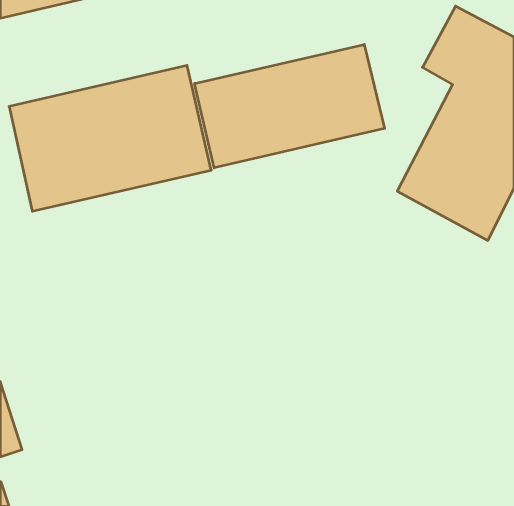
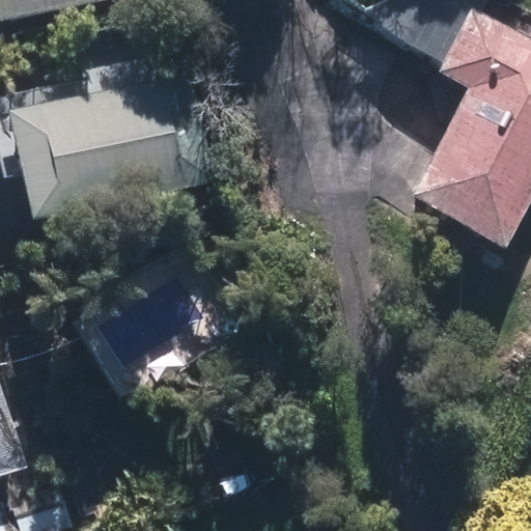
building: [195,44,385,168] -> none

